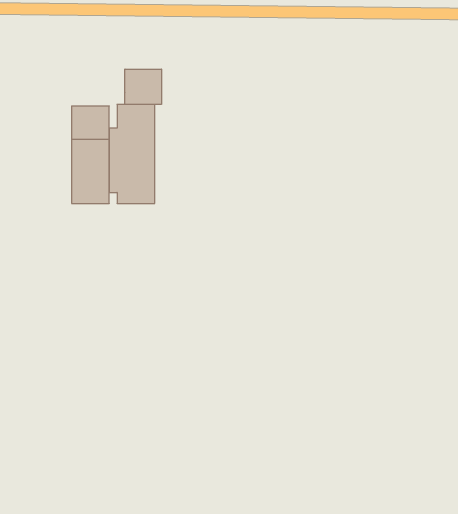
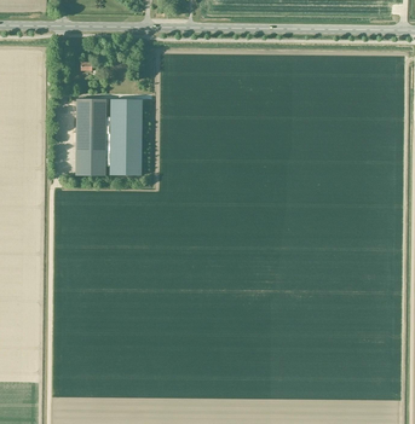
building: [125,69,161,104] -> none

